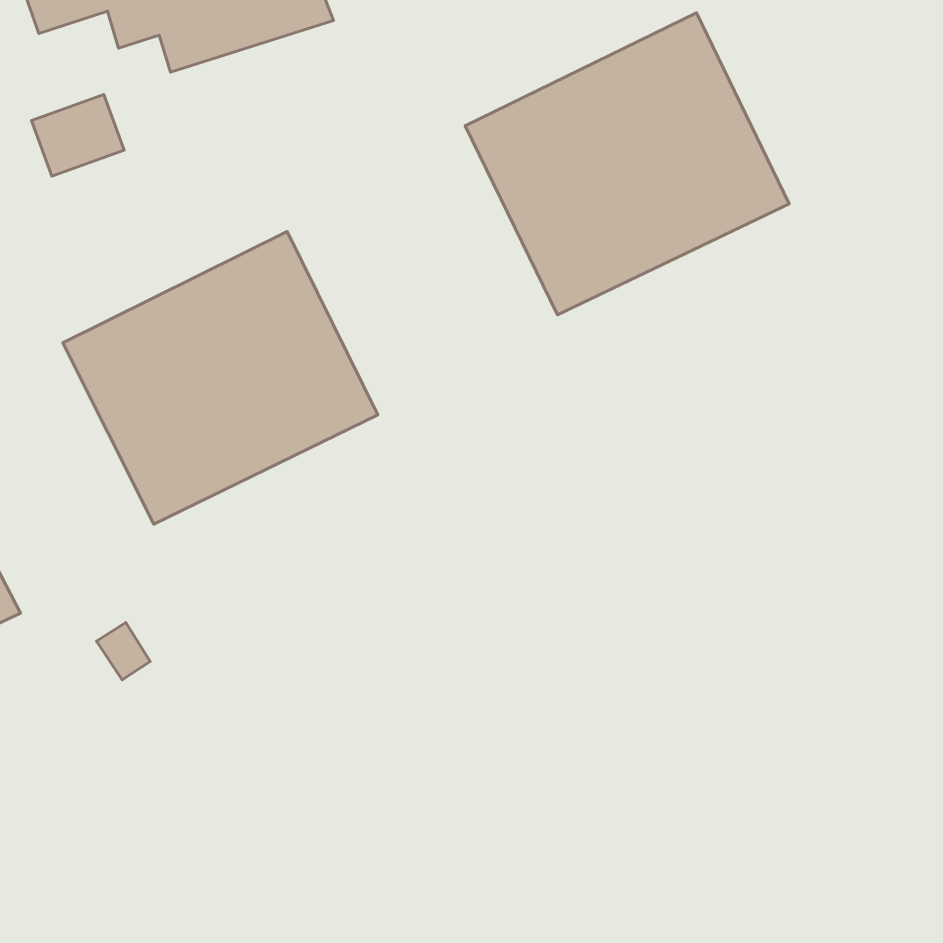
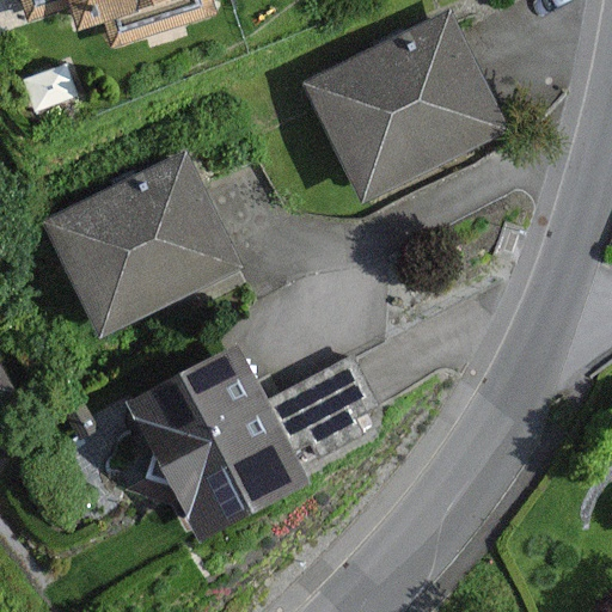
building: none -> [124,342,379,545]

